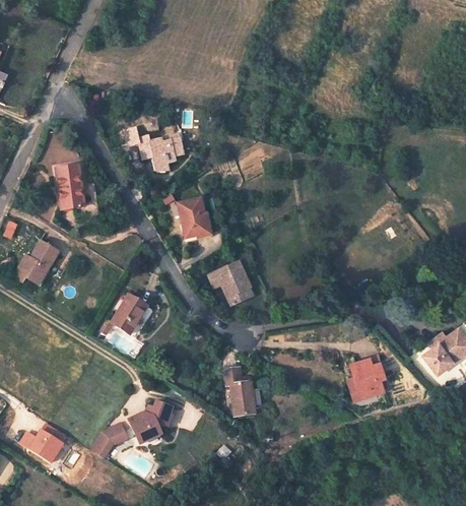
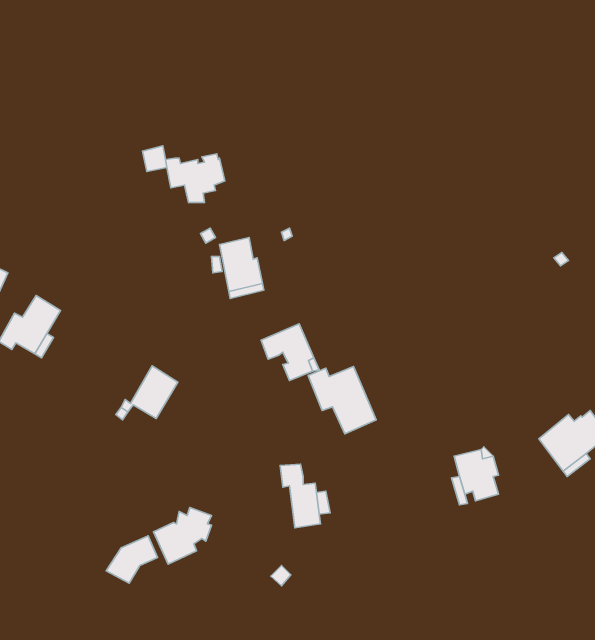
building: [55,166,84,209] -> none
building: none -> [308,367,376,434]
building: [18,422,68,463] -> none

